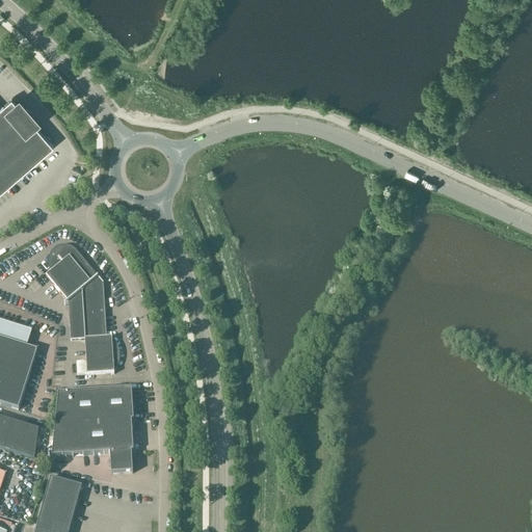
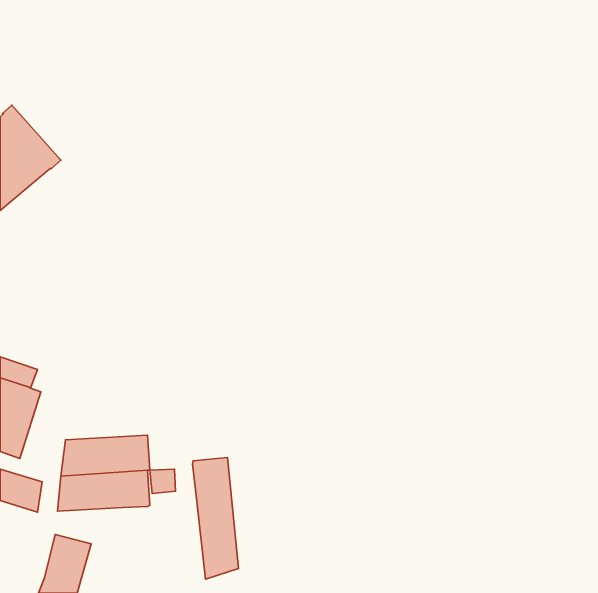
building: [46,243,118,372] -> none
building: none -> [193,457,238,579]
building: [109,450,132,472] -> [150,469,176,494]

